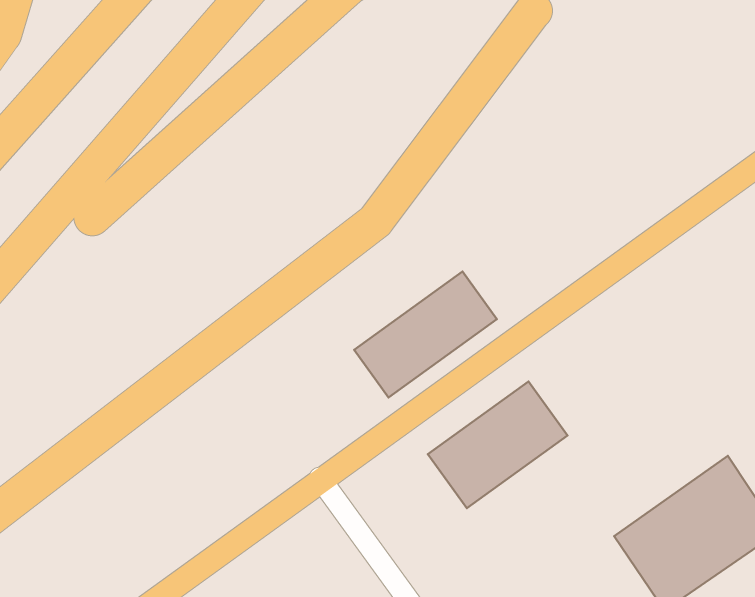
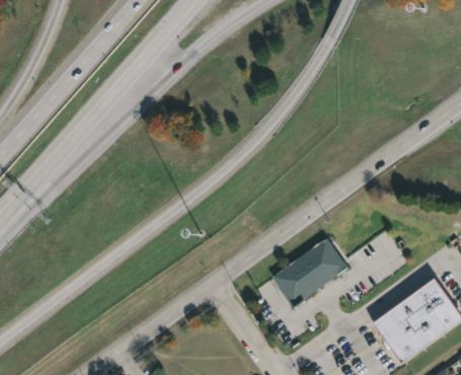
building: [354,272,497,397] -> none

